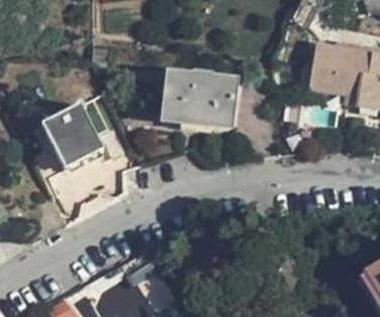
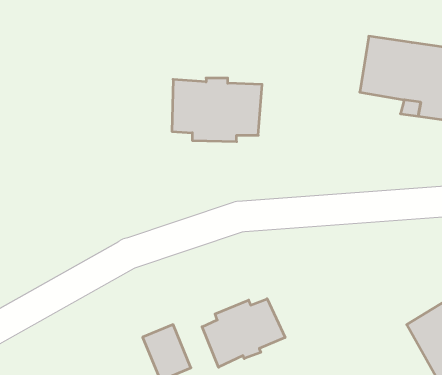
building: [41,98,103,167] -> none
building: none -> [202,299,285,367]

